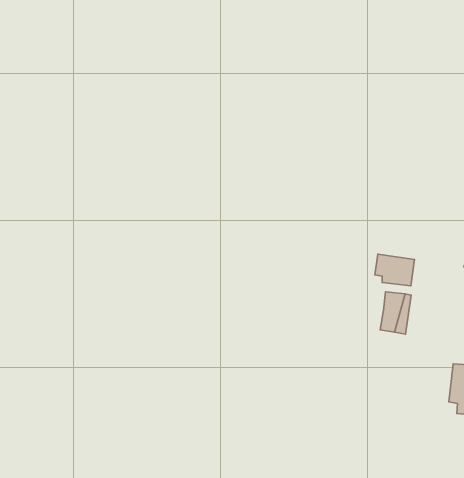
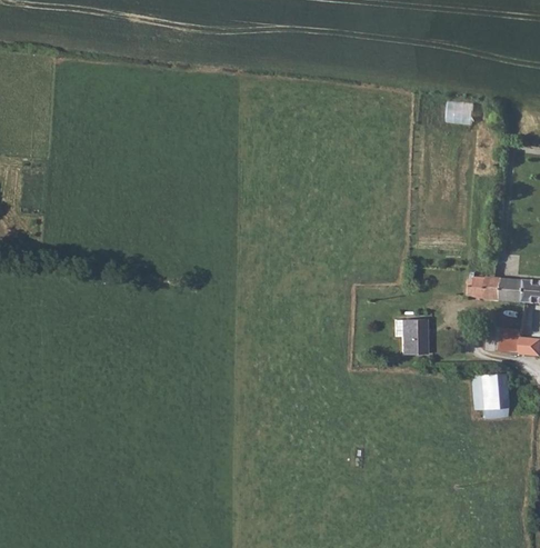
building: [375,254,415,286] -> none

